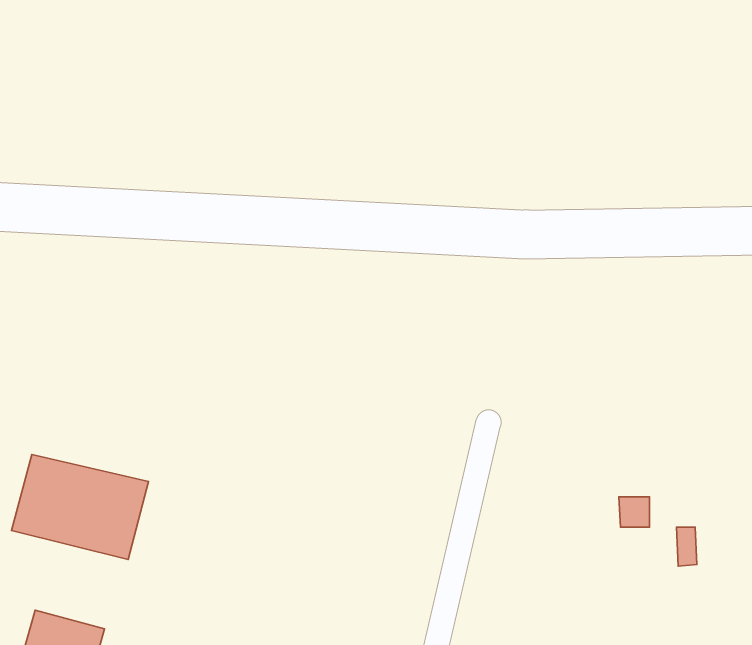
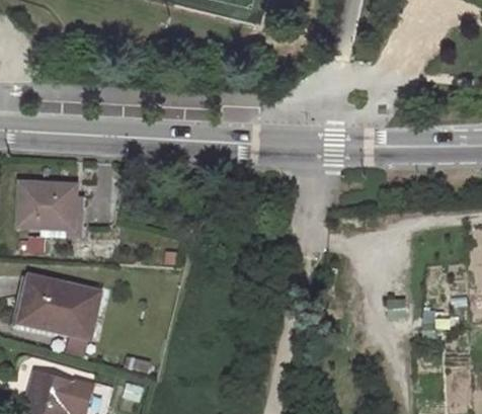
building: none -> [19,182,80,228]

